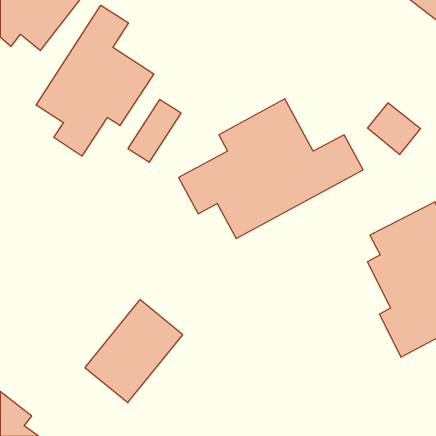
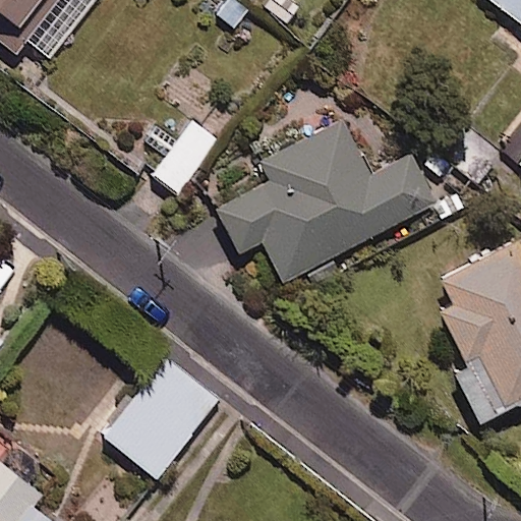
building: [36,5,154,156] -> none

